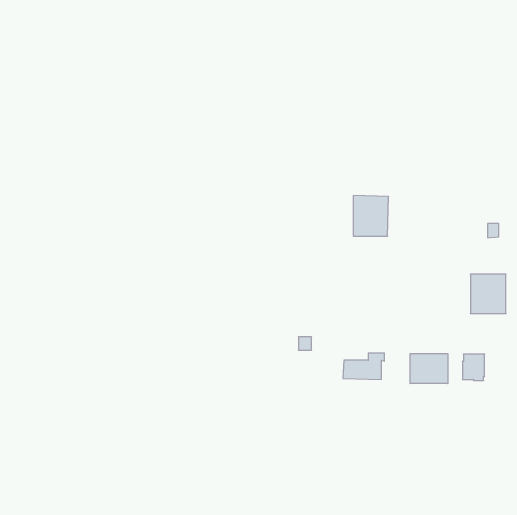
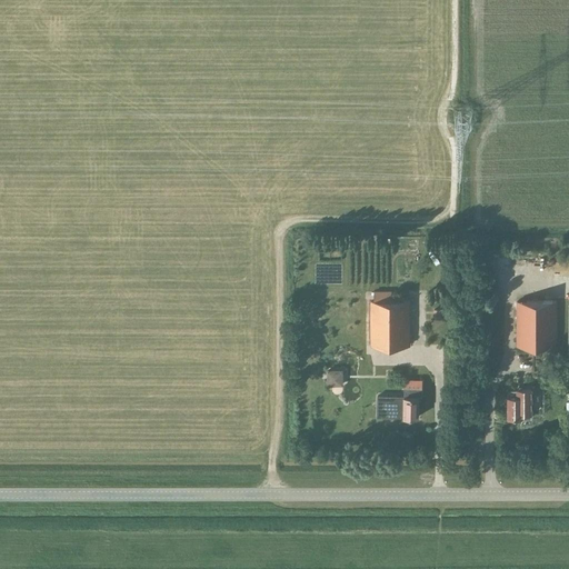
building: [353,196,389,236] -> [371,302,410,347]
building: [410,354,448,384] -> none

